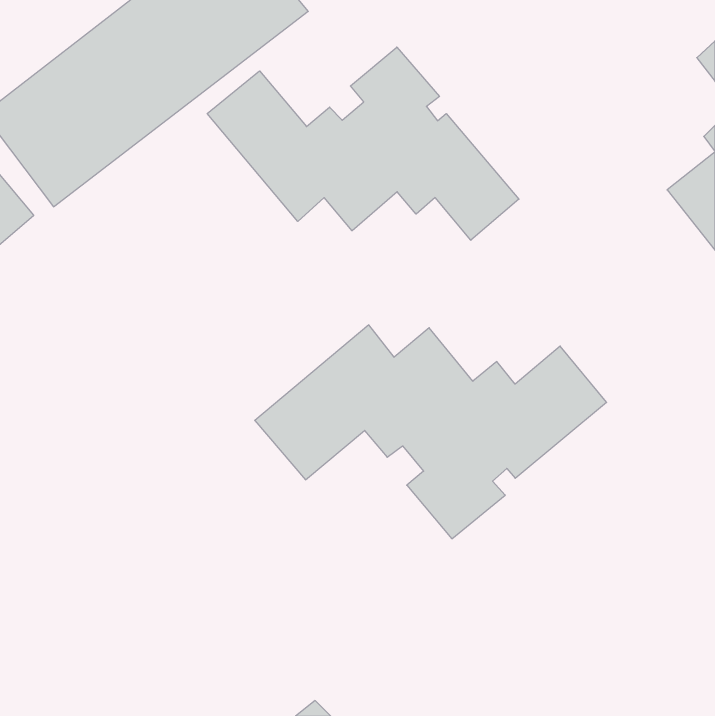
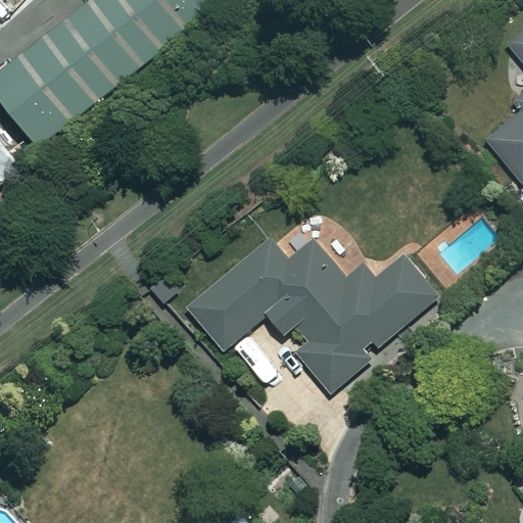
building: [207,47,519,240] -> none

